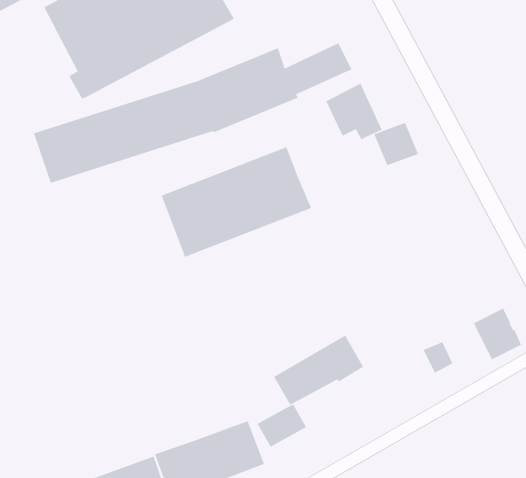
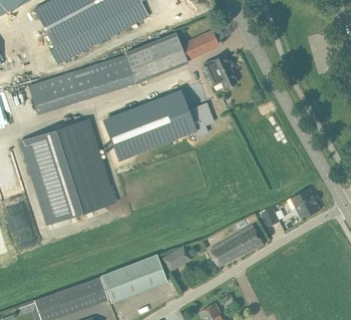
building: [373,122,419,166] -> [187,103,214,129]
building: none -> [19,117,113,223]
building: [273,335,364,406] -> [210,225,264,267]

